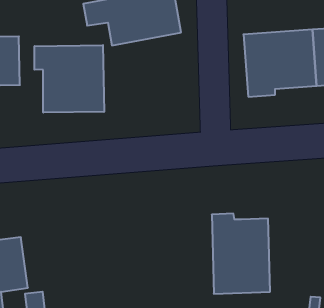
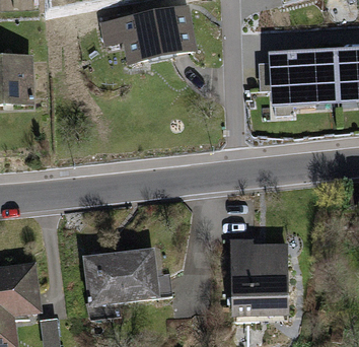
building: [34,45,104,113] -> none
building: none -> [84,247,171,308]

